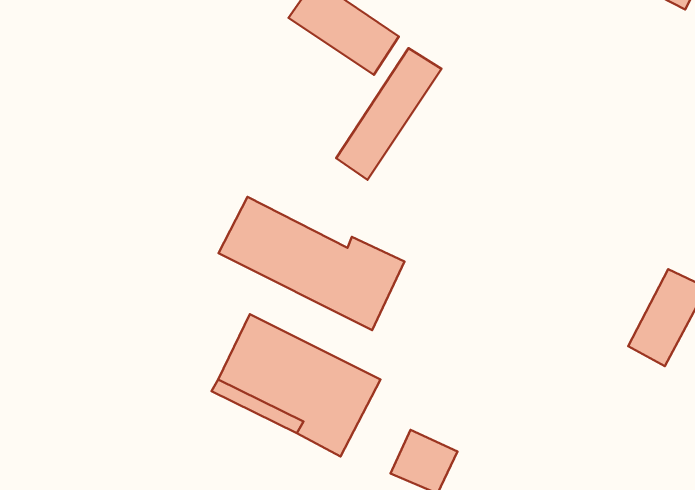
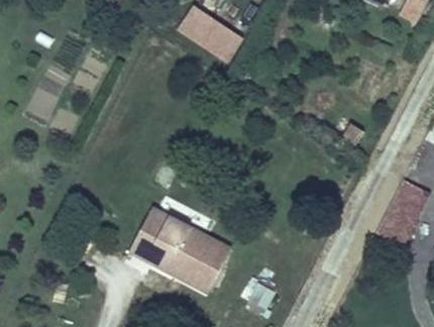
building: [336,48,441,180] -> none
building: [218,197,404,330] -> none

